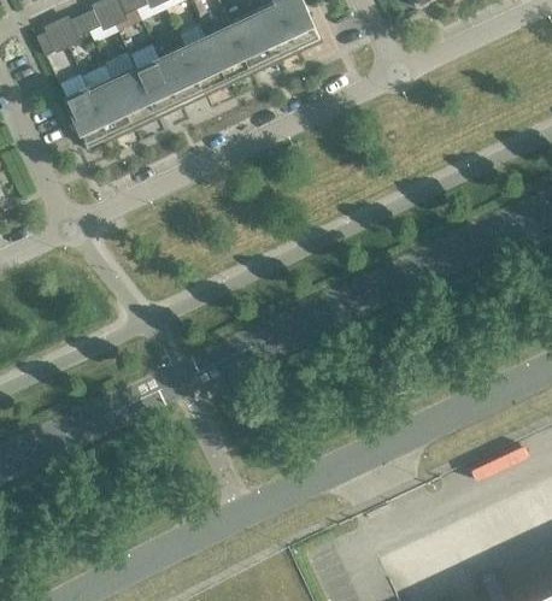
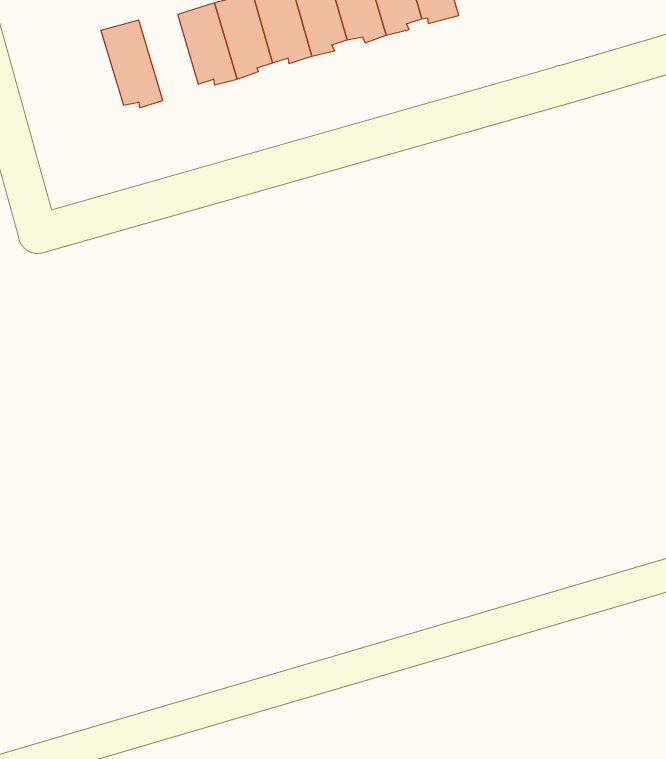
building: [108,59,154,122] -> none
building: [63,82,107,143] -> none

